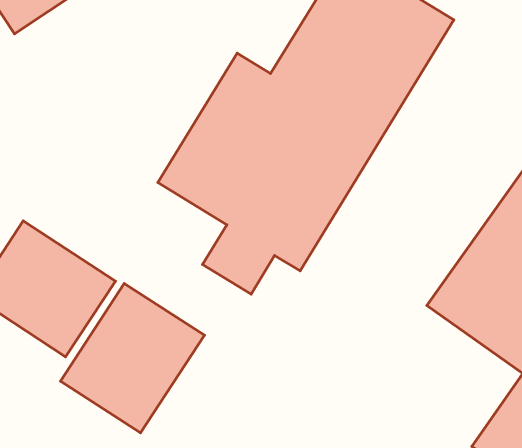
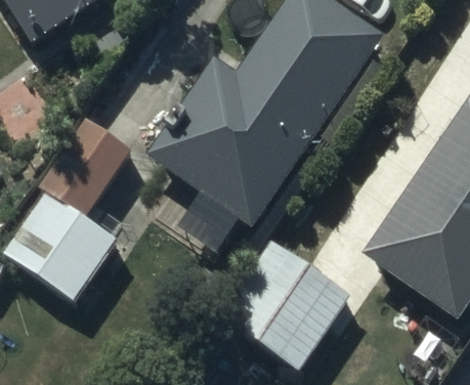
building: [60,284,204,433] -> none
building: none -> [191,244,348,366]

